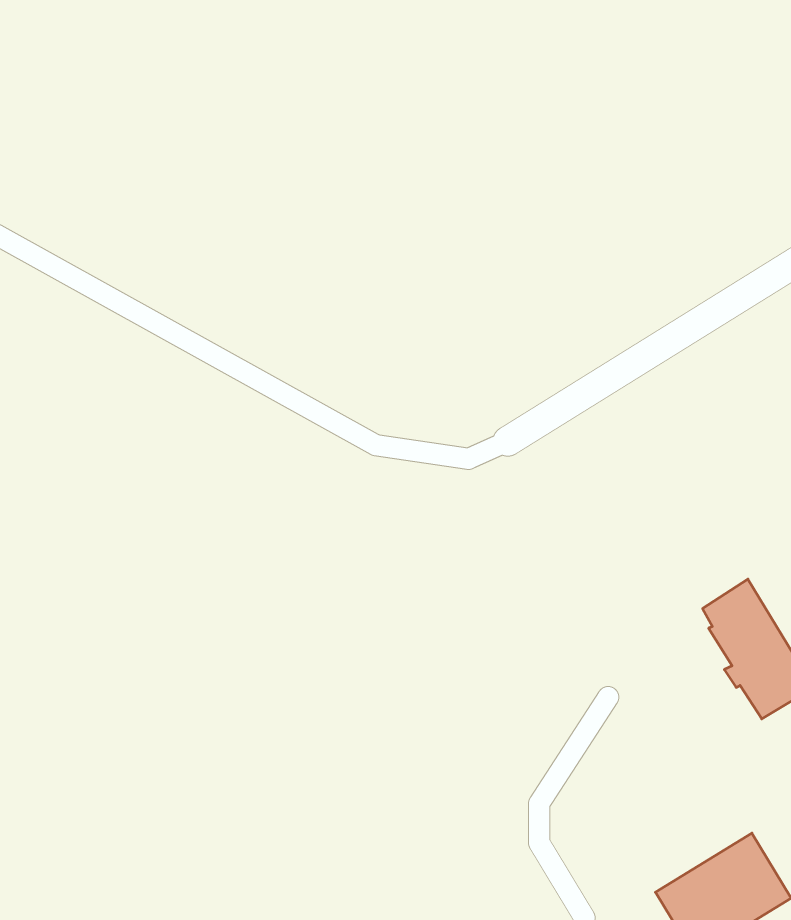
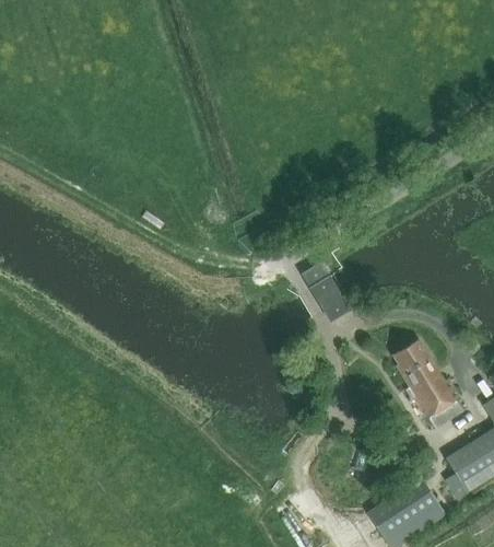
building: none -> [303,263,349,321]

